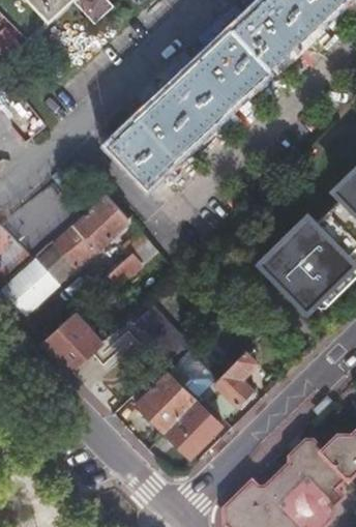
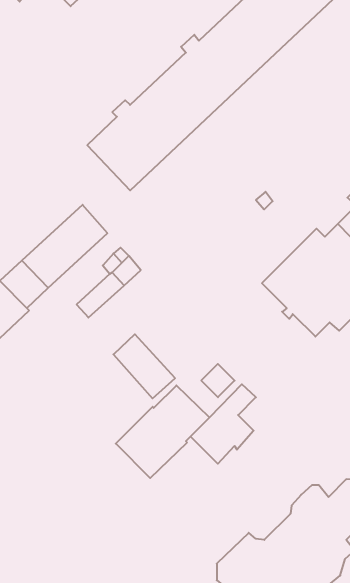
building: [42,314,102,372] -> none
building: [165,402,221,459] -> none

